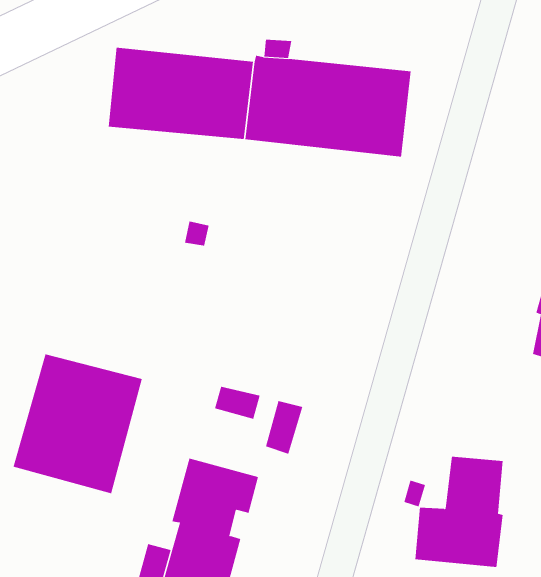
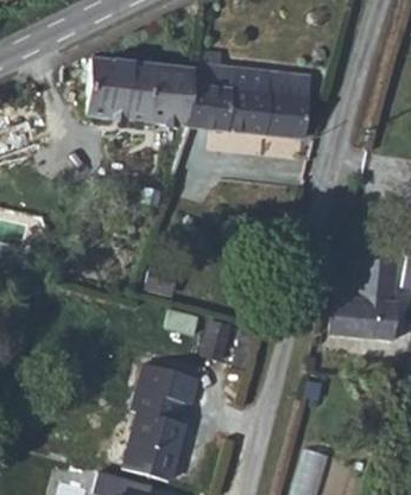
building: [13,354,142,494] -> none
building: [415,456,504,567] -> [331,259,398,342]

